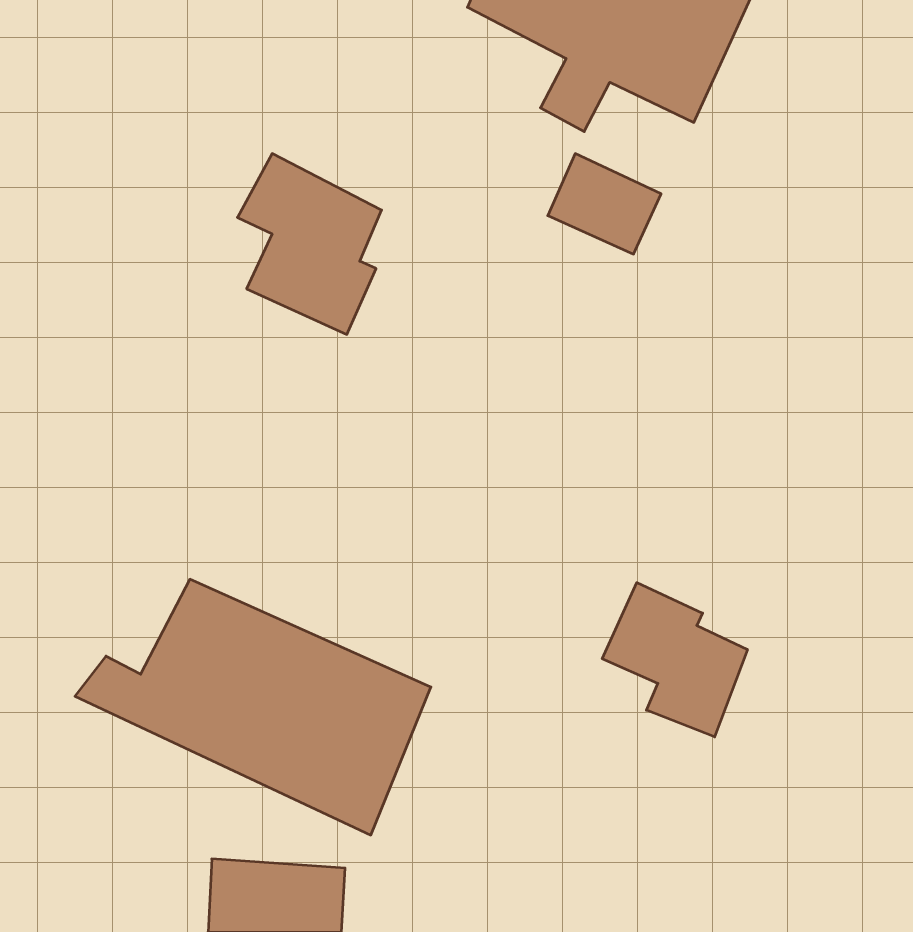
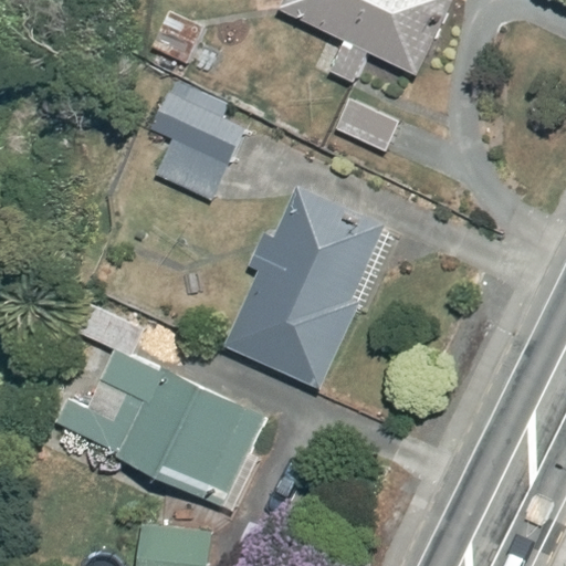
building: none -> [226,185,397,388]
building: [602,583,747,737] -> none

